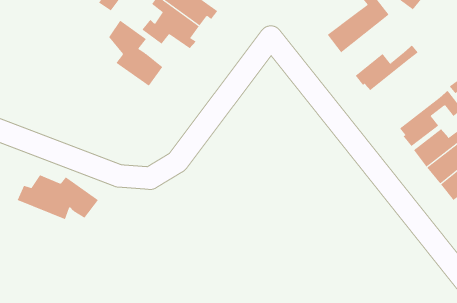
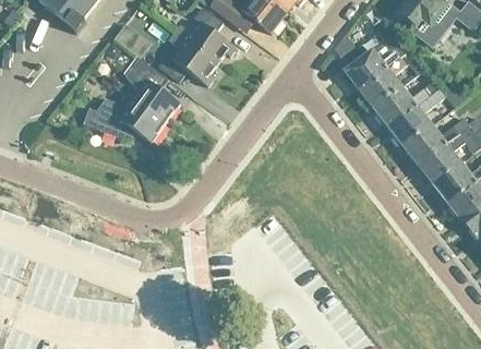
building: none -> [360,50,424,106]
building: none -> [389,89,444,146]
building: none -> [404,127,459,166]
building: [17,174,99,220] -> [83,97,166,143]

